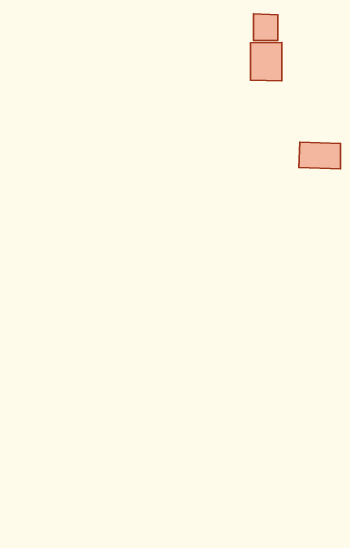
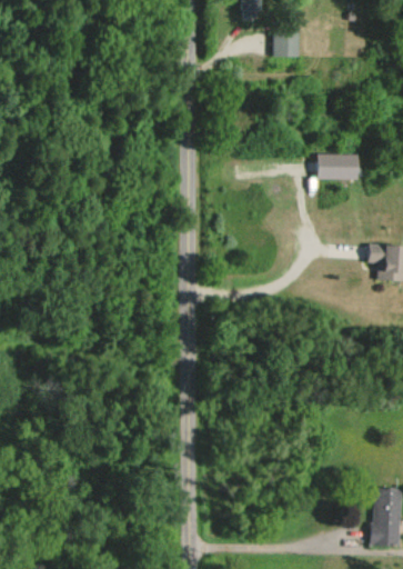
building: [251,42,282,81] -> none

